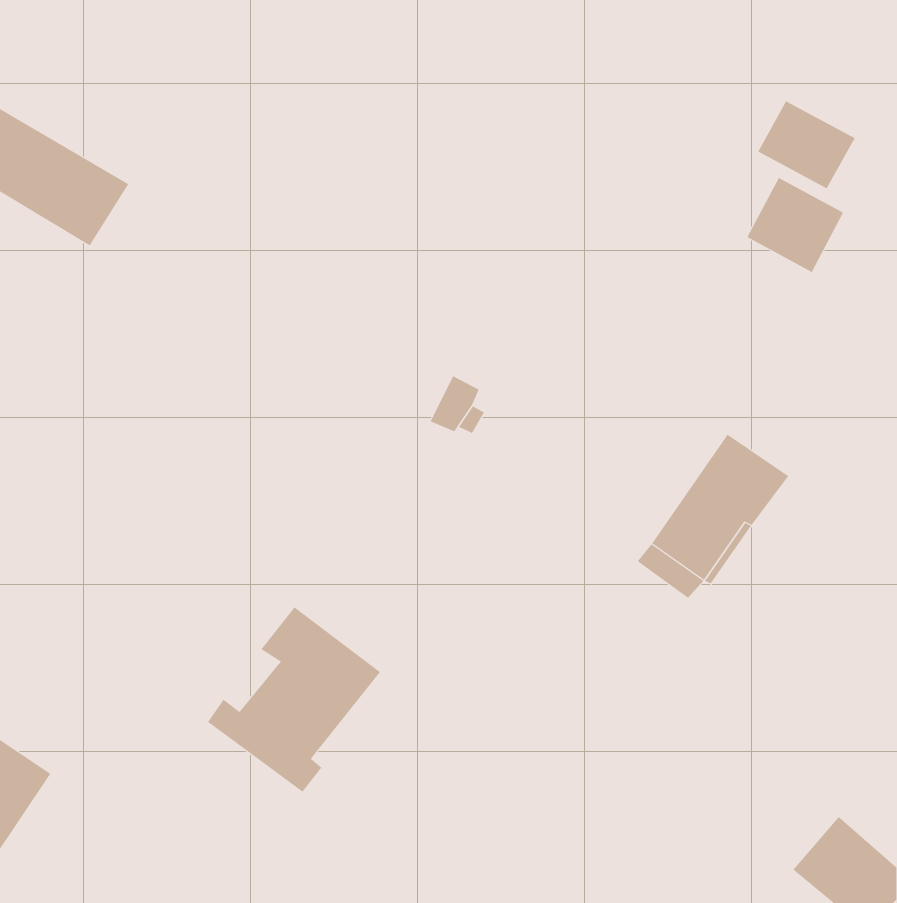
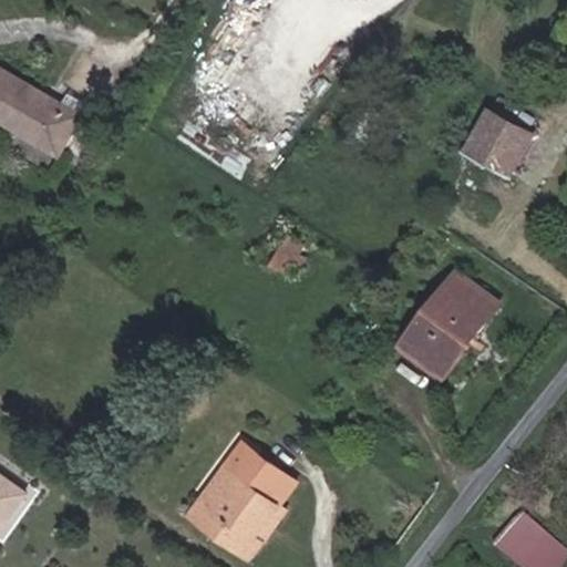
building: [758,100,855,189] -> none
building: [207,607,381,793] -> [187,442,296,558]

